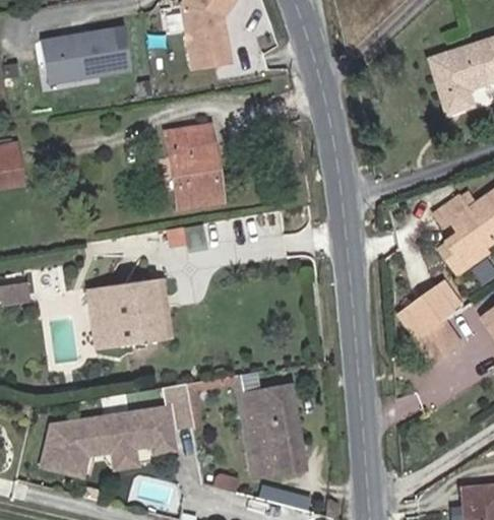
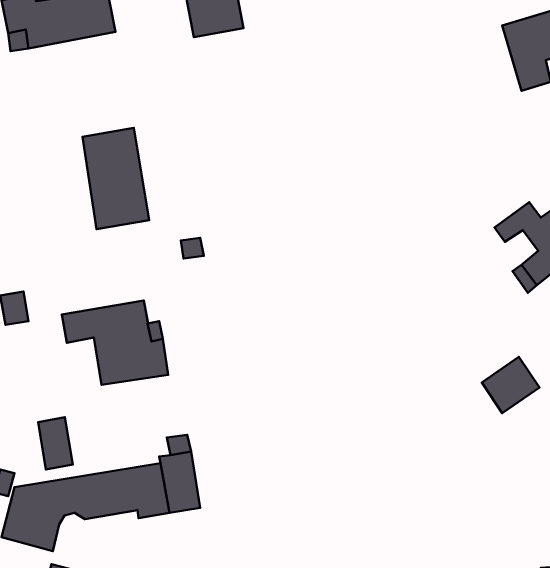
building: [167,126,220,206] -> [83,128,149,229]
building: [395,275,467,336] -> none
building: [90,307,118,348] -> [38,417,73,470]
building: [240,385,304,475] -> none

